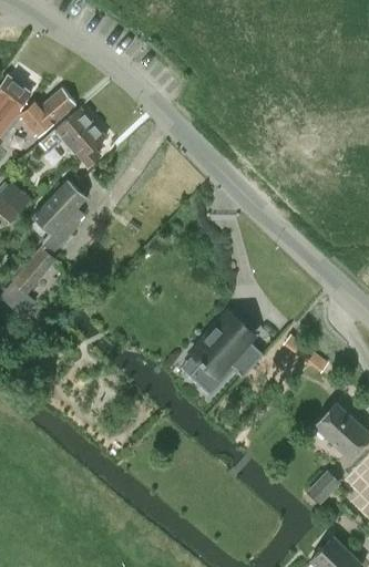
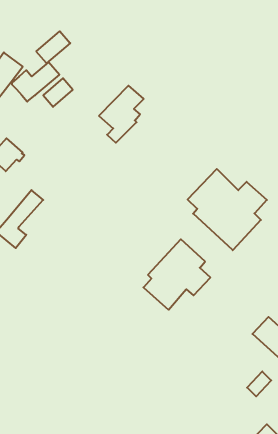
building: none -> [36,31,70,63]
building: [68,123,105,166] -> none
building: [31,181,86,251] -> [99,86,144,143]
building: none -> [188,169,267,250]

